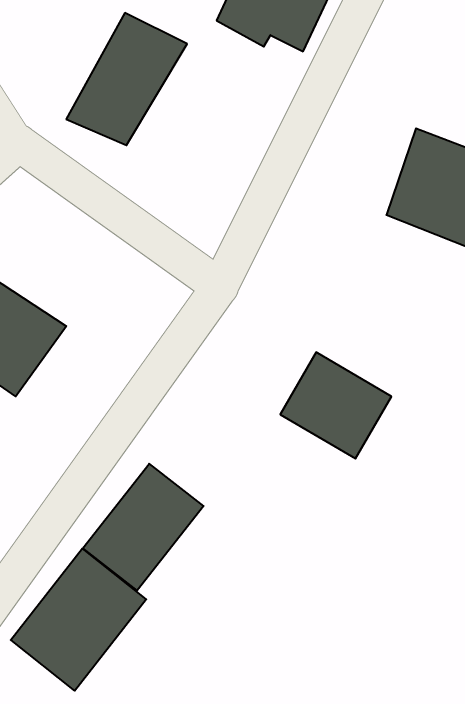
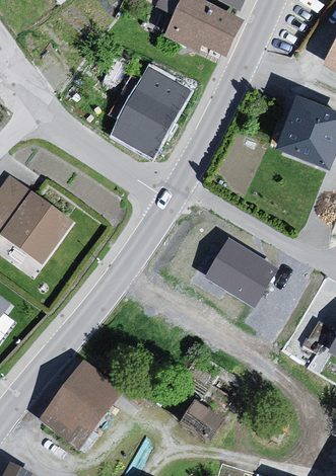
building: [66,13,187,145] -> [116,68,191,150]
building: [83,464,204,590] -> none
building: none -> [181,393,222,430]

